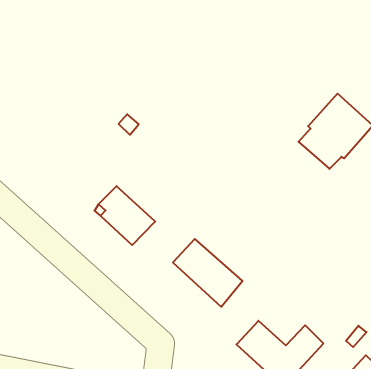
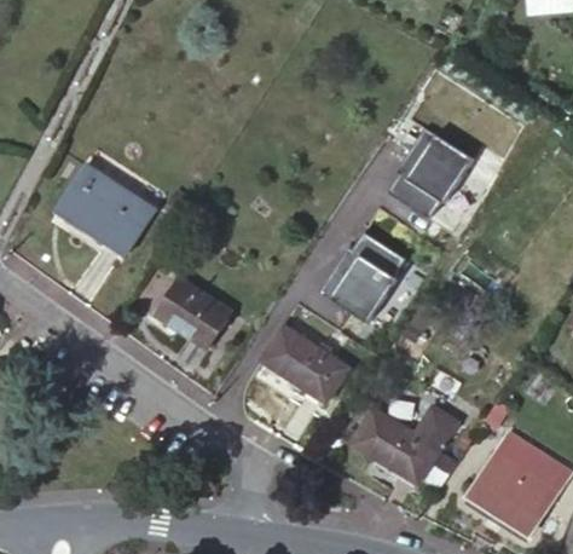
building: none -> [57,166,155,255]
building: none -> [319,230,405,323]

